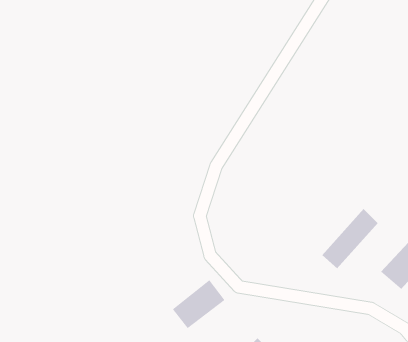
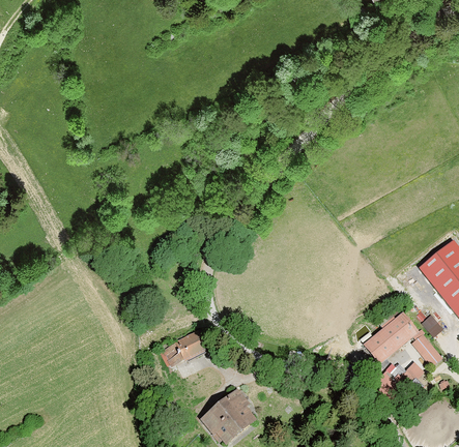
building: [322,208,379,269] -> none

